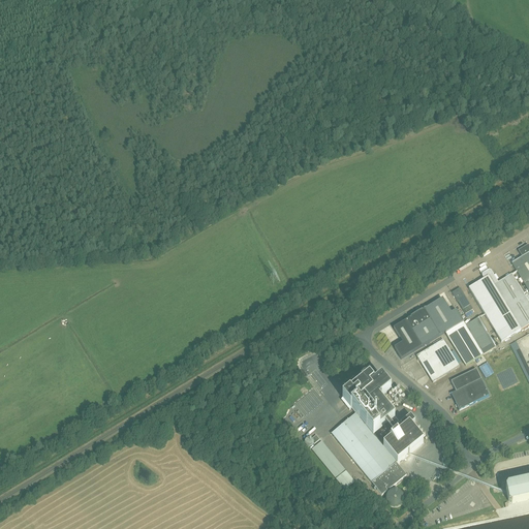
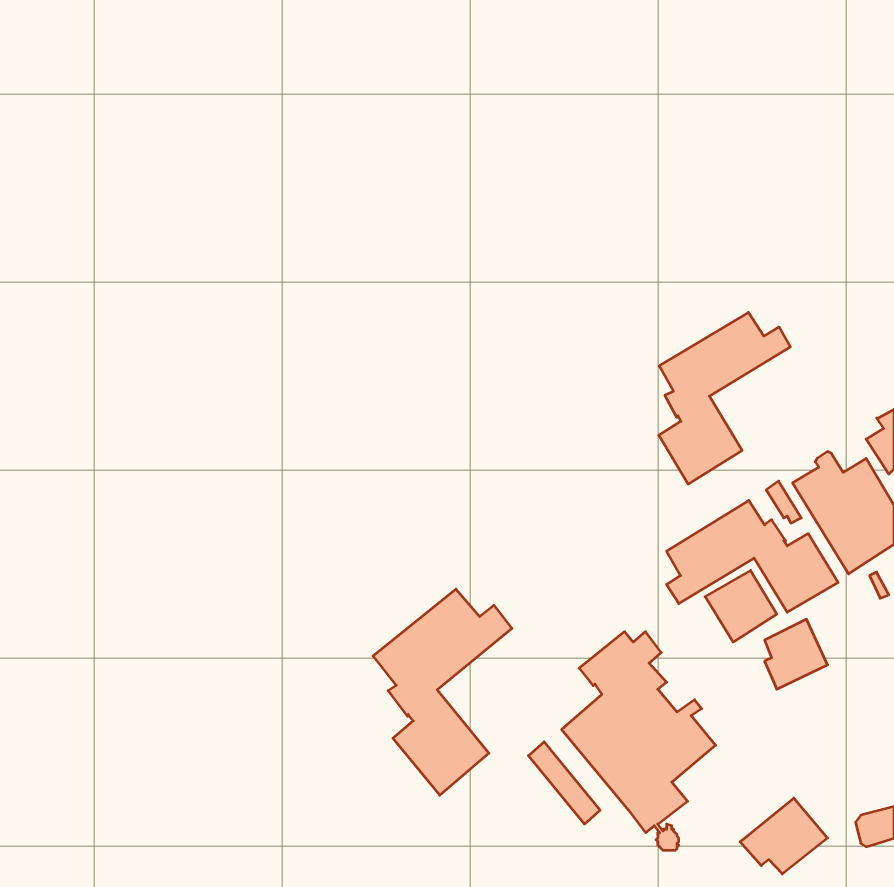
building: none -> [659,312,790,484]
building: none -> [373,589,512,795]
building: none -> [740,798,828,874]

